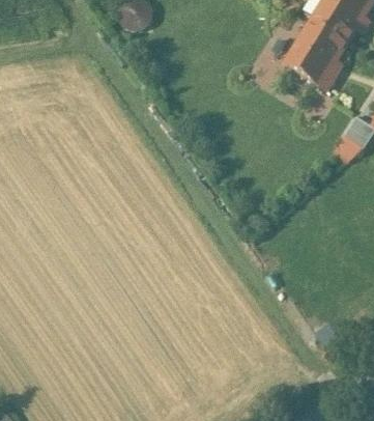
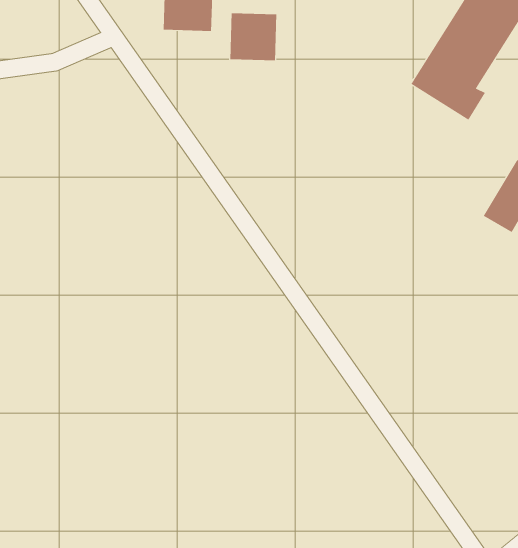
building: none -> [230,13,277,61]

